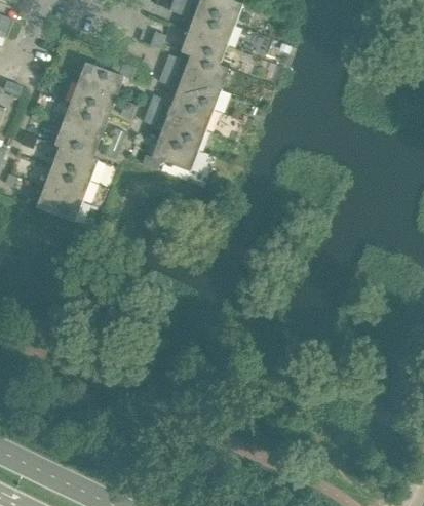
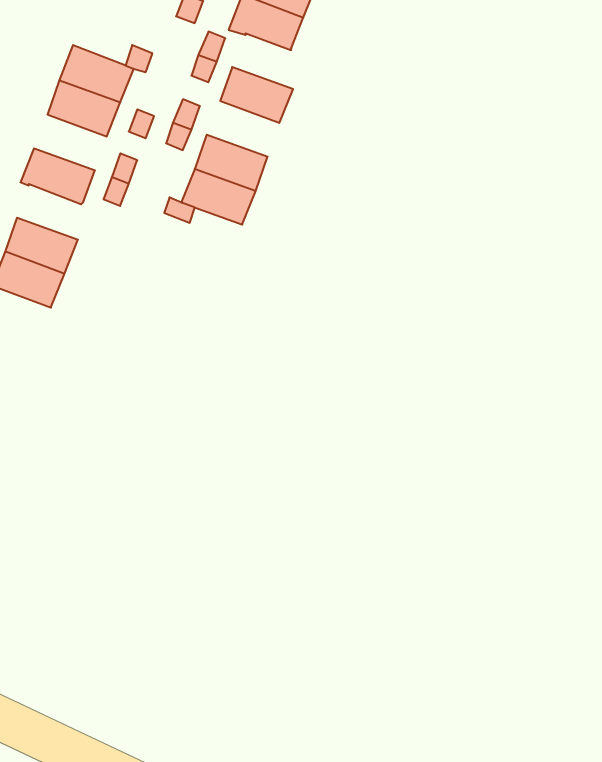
building: [182,54,227,88] -> none
building: [166,95,210,129] -> none
building: [62,104,106,138] -> none
building: [51,146,95,180] -> none

